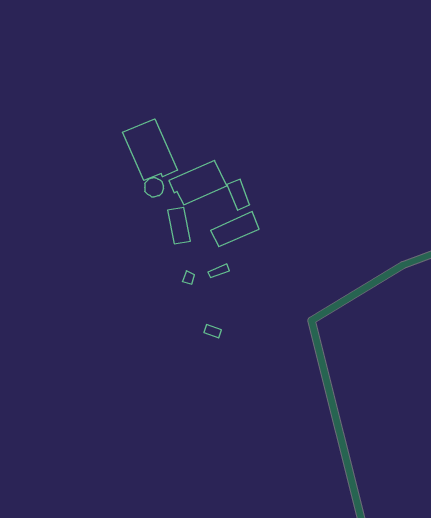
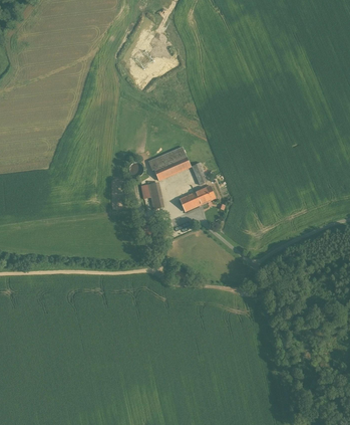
building: [122,119,177,180] -> none

